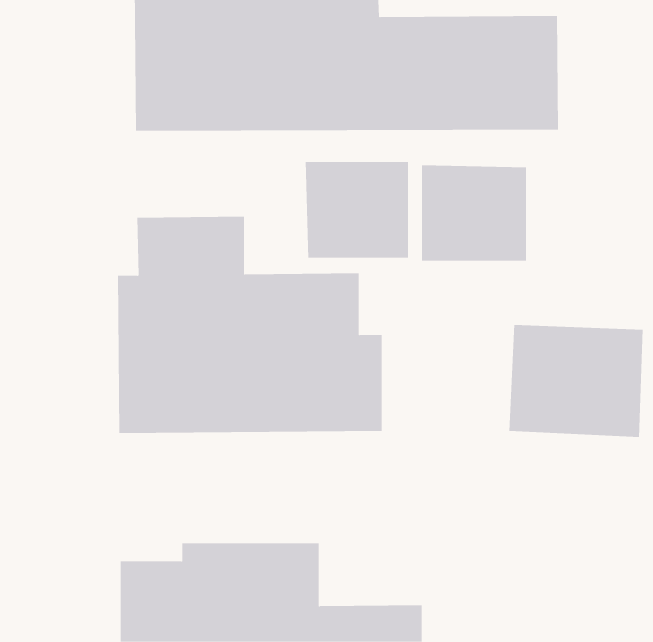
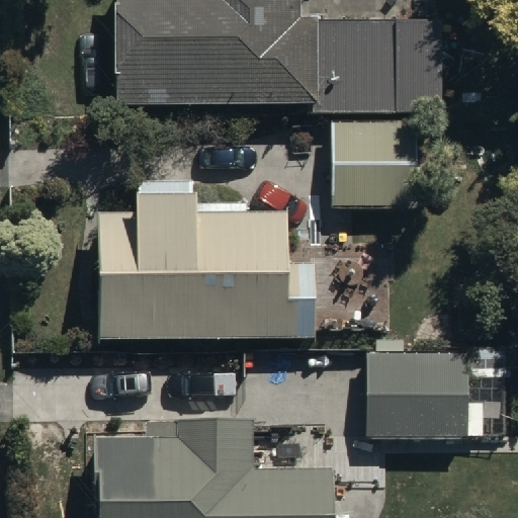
building: [305,161,408,258] -> none
building: [508,324,644,438] -> [367,353,473,442]

